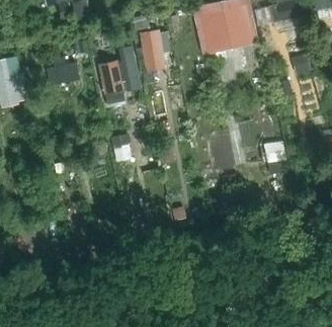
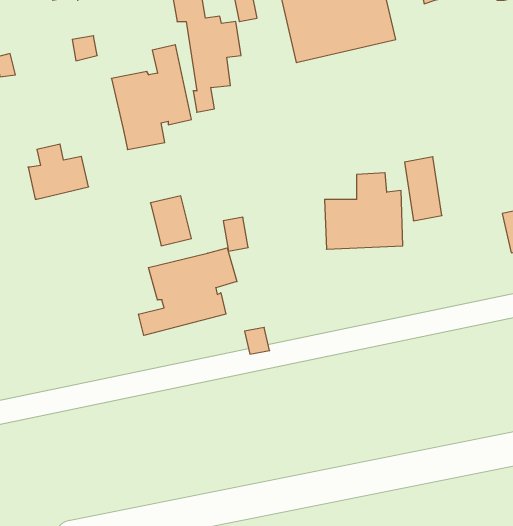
building: [47,55,81,86] -> [28,144,89,199]
building: none -> [139,248,237,335]

